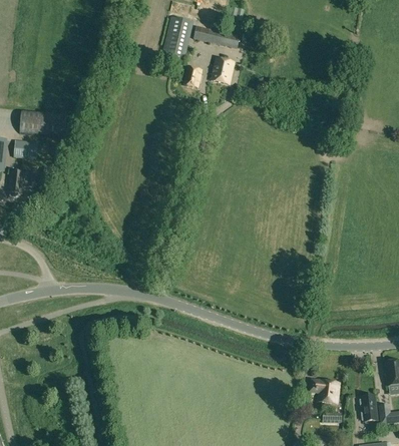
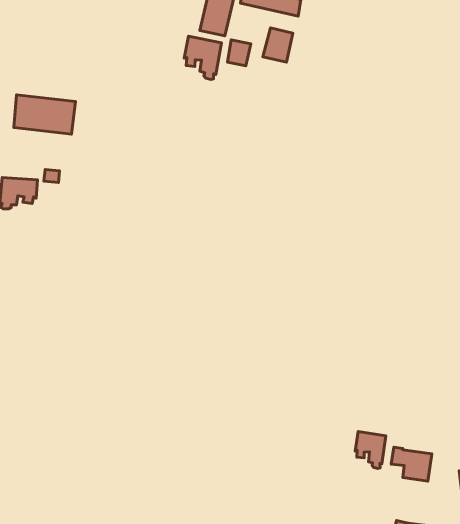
building: none -> [184,36,222,80]
building: [13,140,37,159] -> none
building: none -> [355,432,386,469]

